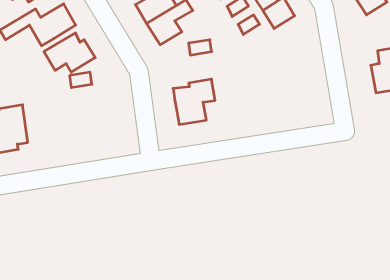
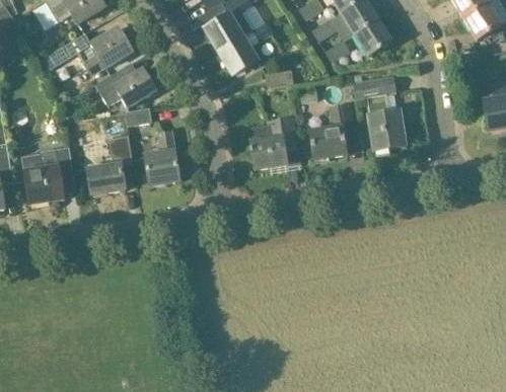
building: none -> [351,74,405,150]
building: none -> [309,102,356,159]
building: none -> [144,131,179,185]
building: none -> [86,135,132,194]

